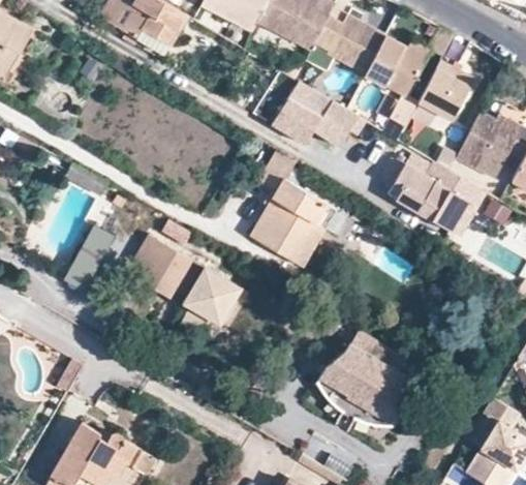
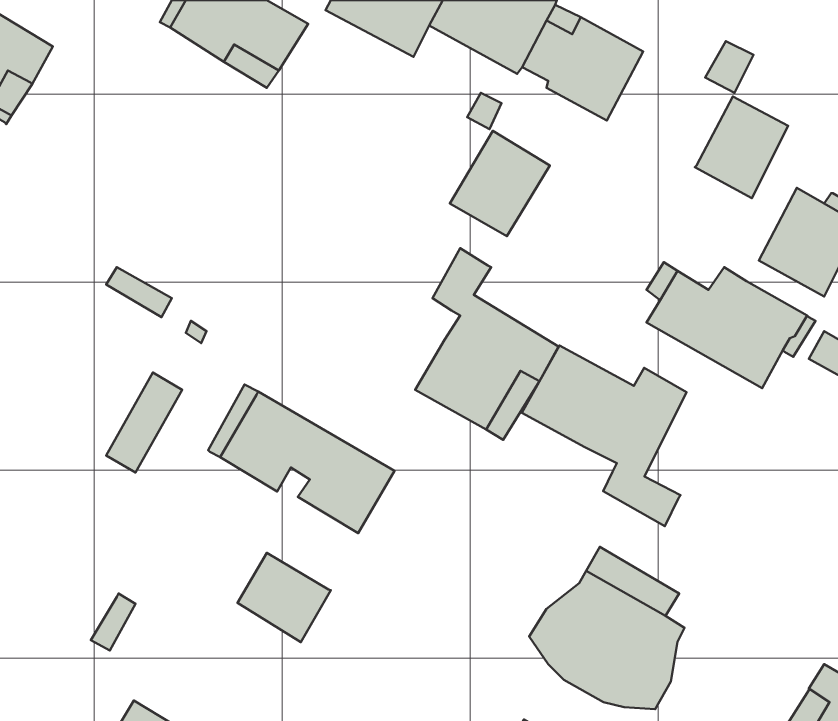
building: [365,33,429,126] -> none
building: [313,101,353,144] -> none
building: none -> [522,346,687,526]
building: none -> [238,553,331,642]

